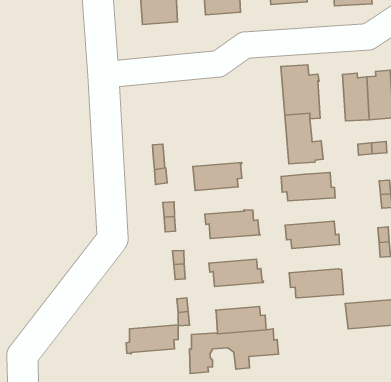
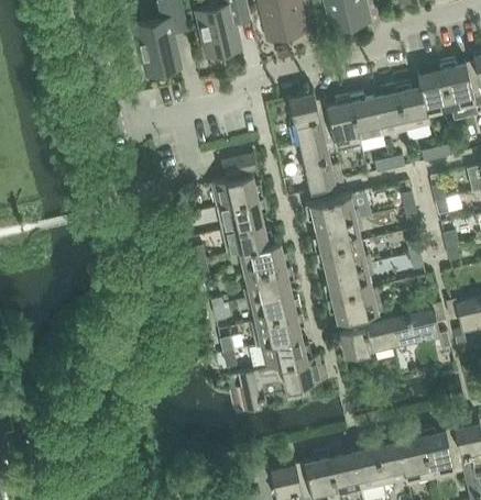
building: none -> [326,97,359,152]
building: none -> [210,154,263,209]
building: none -> [221,222,273,256]
building: none -> [311,219,362,253]
building: none -> [243,266,294,301]
building: none -> [323,264,373,299]
building: none -> [338,314,392,356]
building: [126,325,178,354] -> [253,312,304,347]

